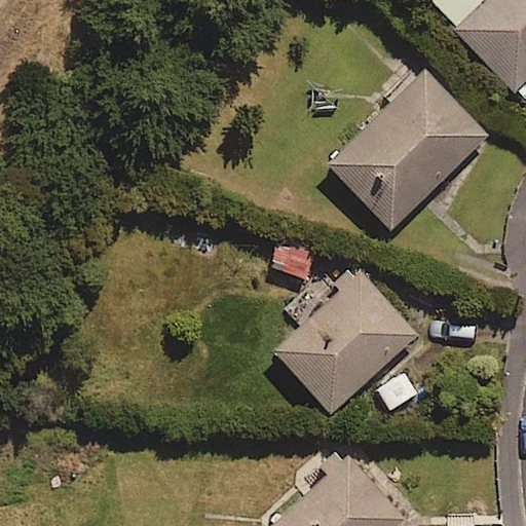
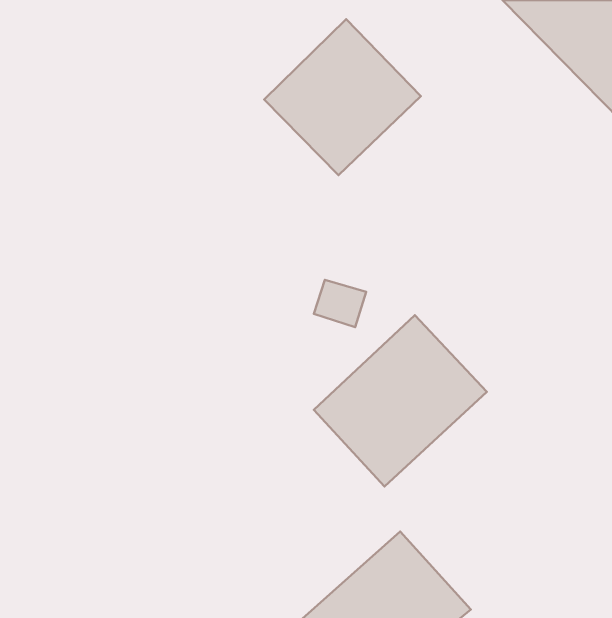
building: none -> [264,19,421,175]
building: [328,71,487,229] -> none

